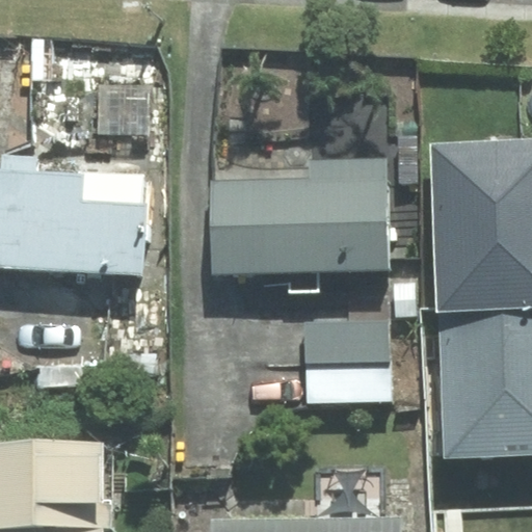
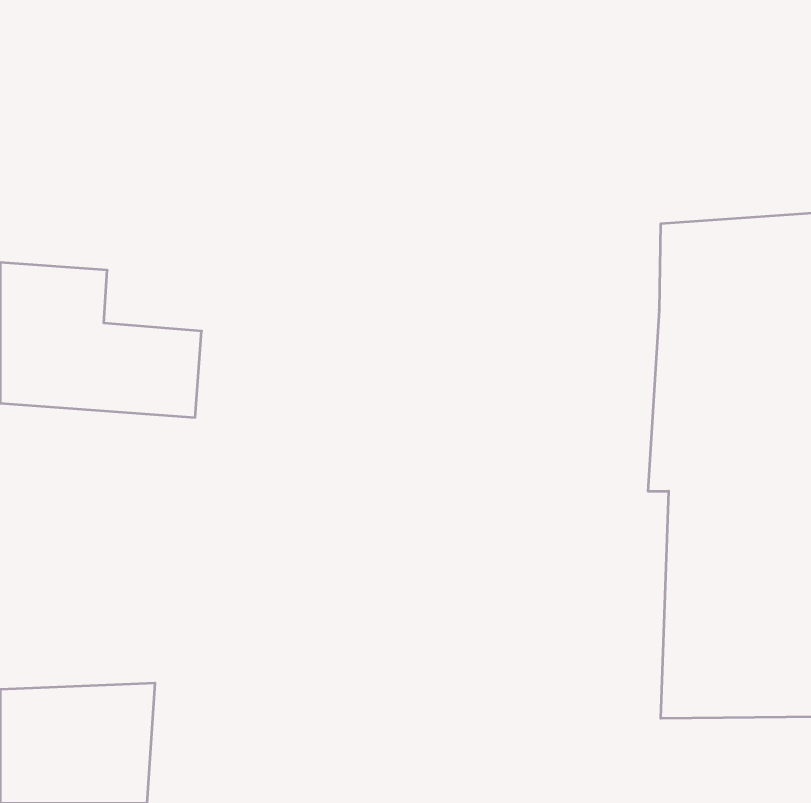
building: [213,154,389,275] -> none
building: [302,320,389,400] -> none

